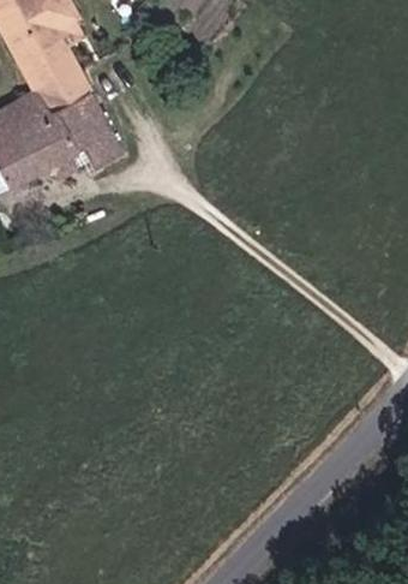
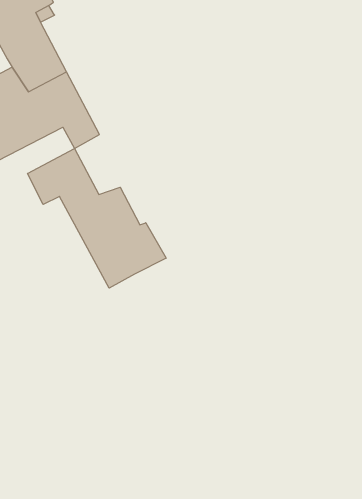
building: none -> [28,149,166,288]

